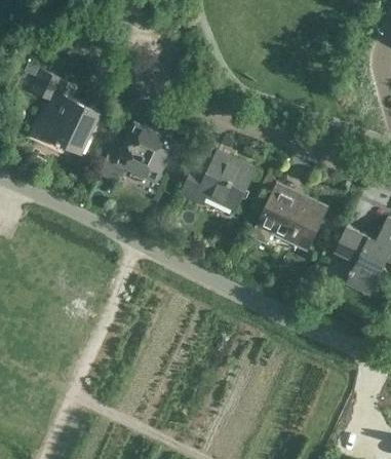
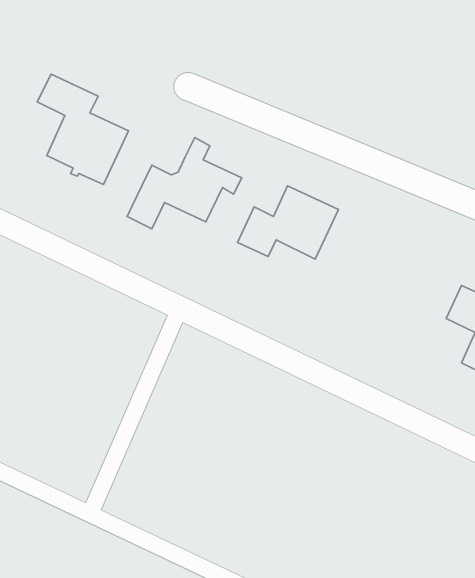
building: [250,189,324,245] -> none

